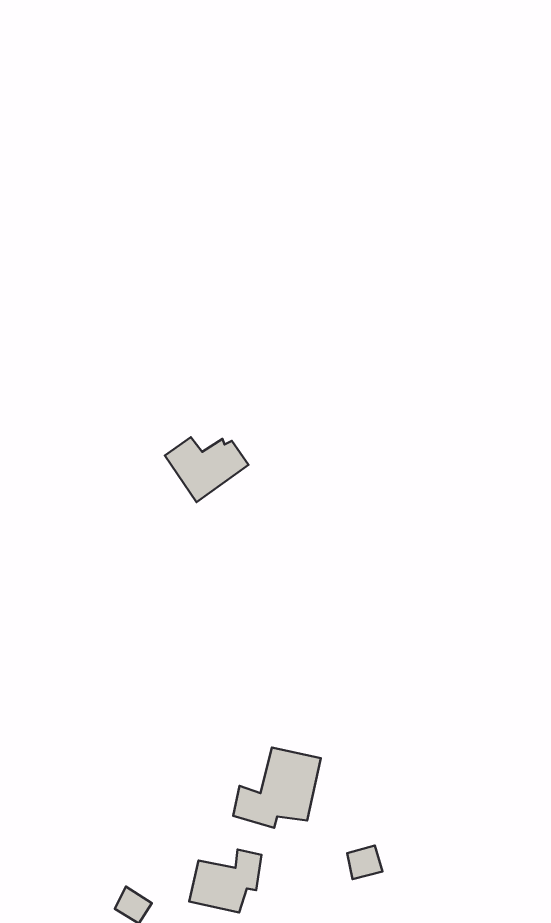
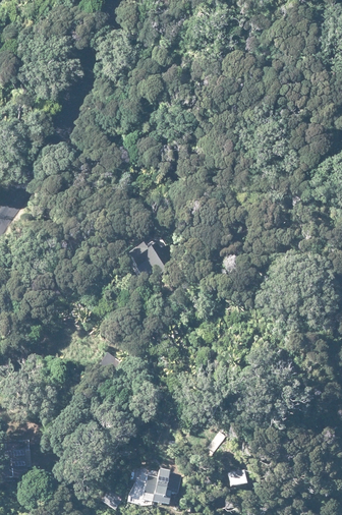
building: [233,747,321,828] -> none

